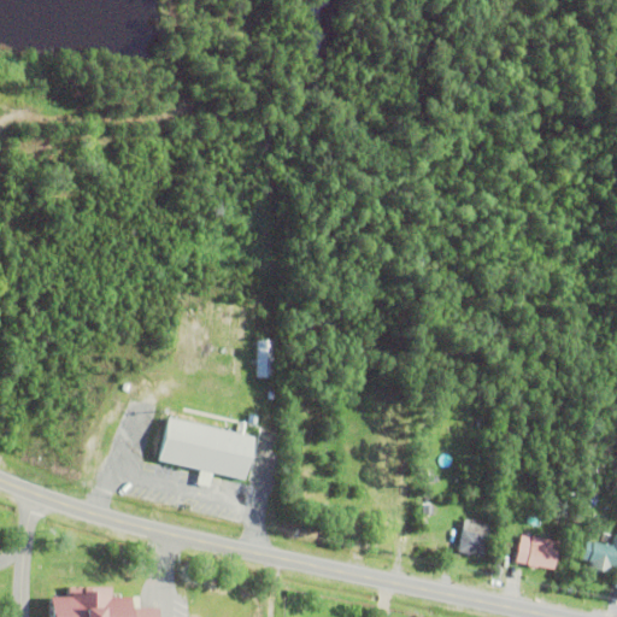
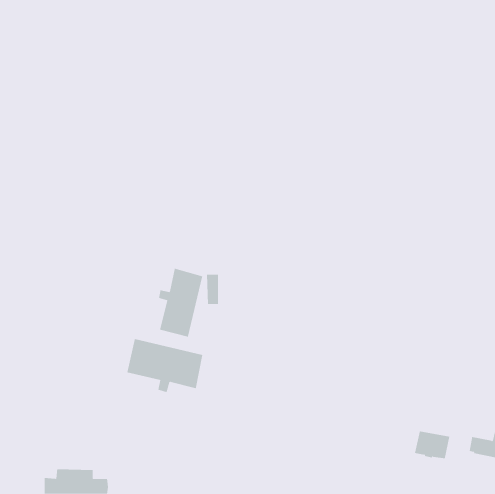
building: none -> [159,268,203,337]
building: [459,518,489,557] -> none

